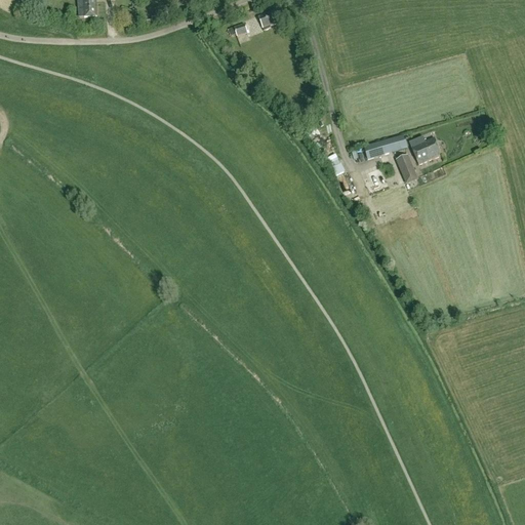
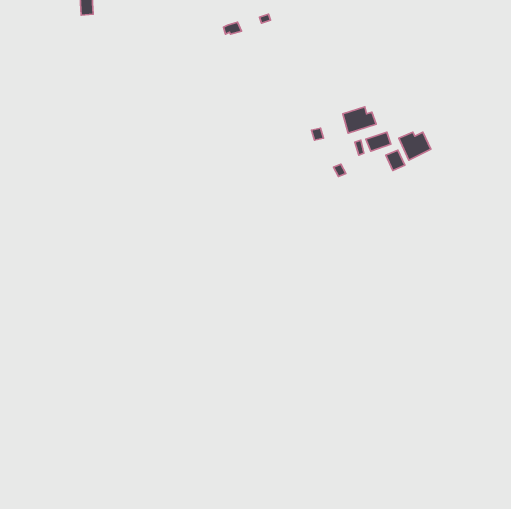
building: none -> [343,107,376,133]

